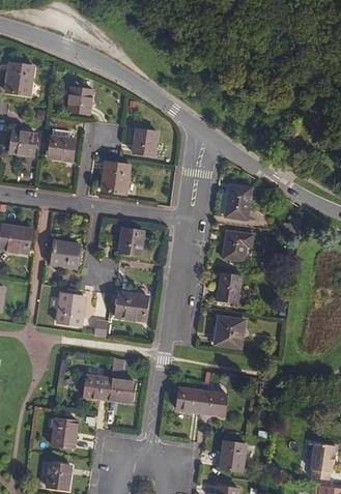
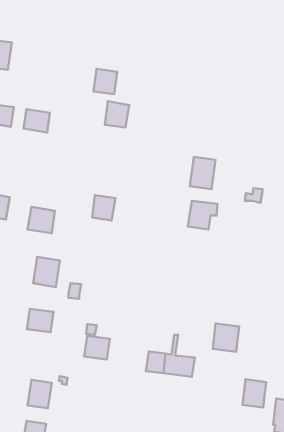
building: [67,85,92,112] -> [94,69,117,94]
building: [101,161,130,192] -> none
building: [215,273,239,304] -> none
building: [112,294,145,323] -> none
building: [215,318,243,348] -> [213,324,239,352]
building: [85,372,113,397] -> [27,309,53,332]
building: [223,438,248,468] -> [243,379,266,408]

